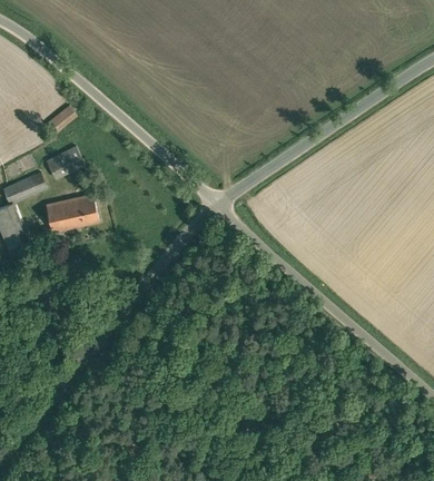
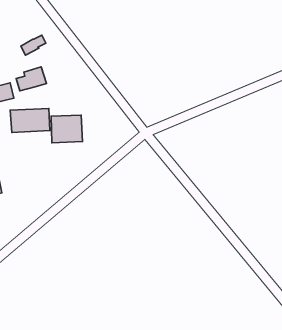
building: none -> [51,115,82,143]

